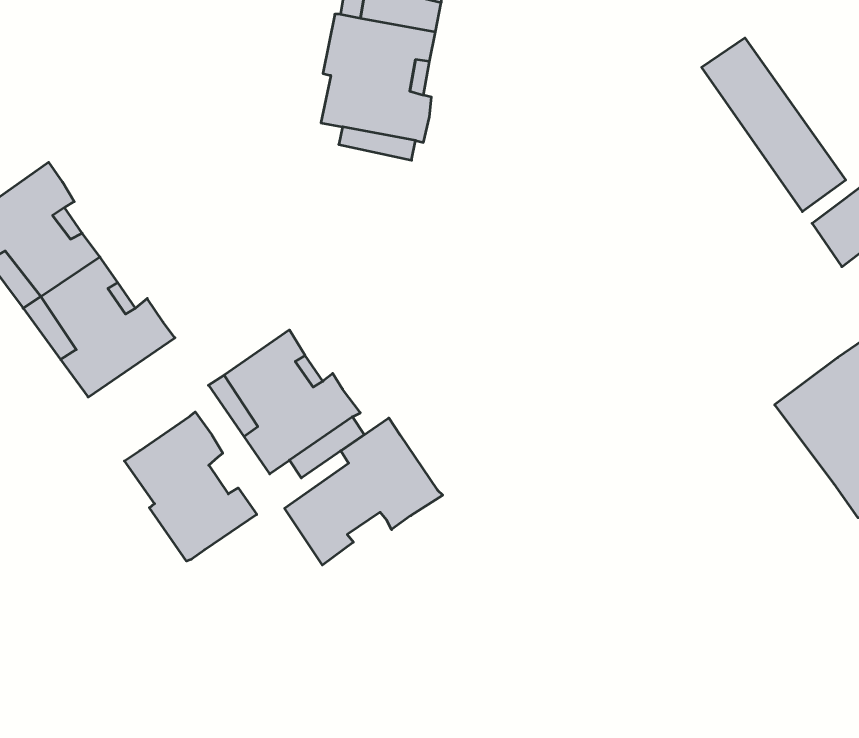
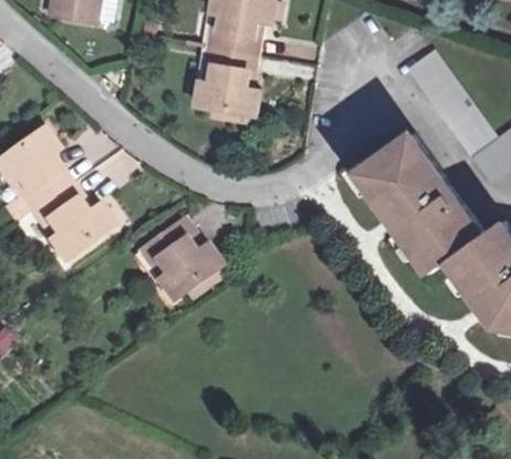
building: none -> [360,136,488,274]
building: [124,412,257,561] -> none
building: [285,418,443,565] -> none

